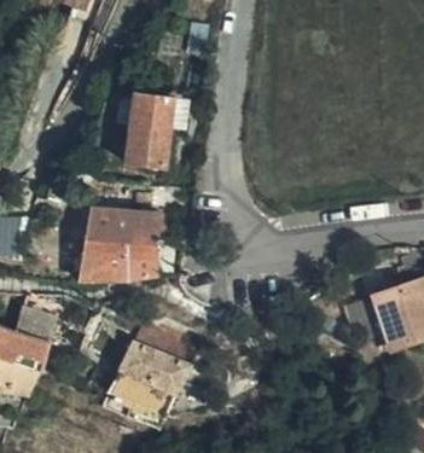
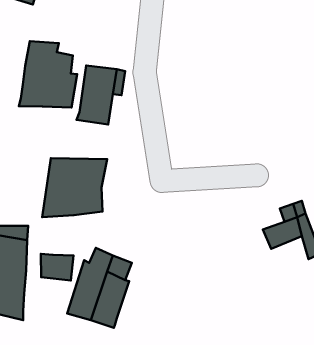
building: none -> [19,41,77,108]
building: [367,306,414,349] -> none
building: none -> [41,254,74,280]

